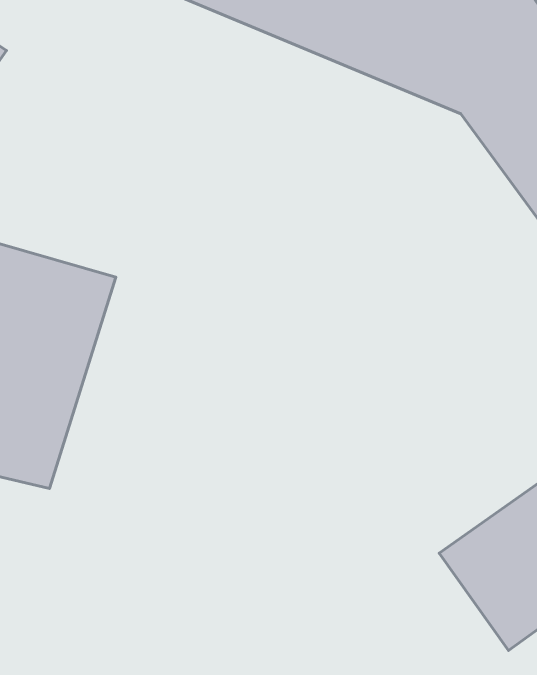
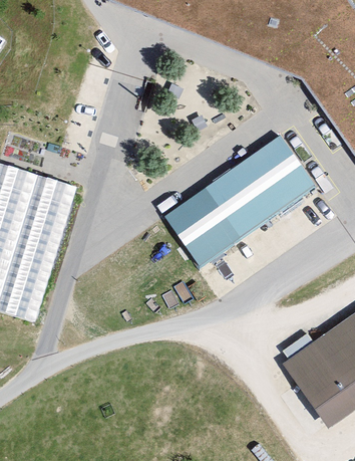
building: none -> [161,133,315,267]

